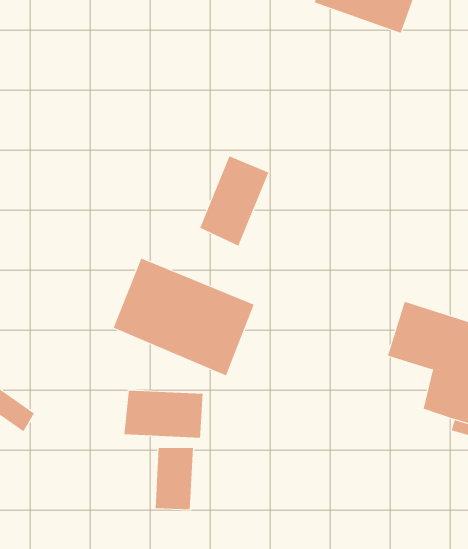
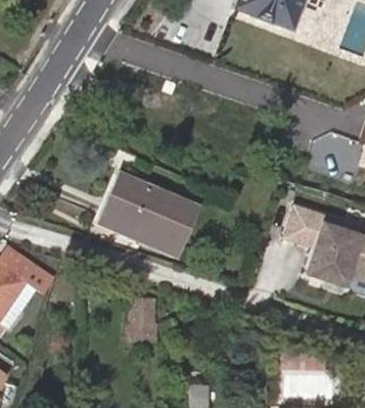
building: [199,155,269,247] -> none
building: [124,390,203,439] -> none

